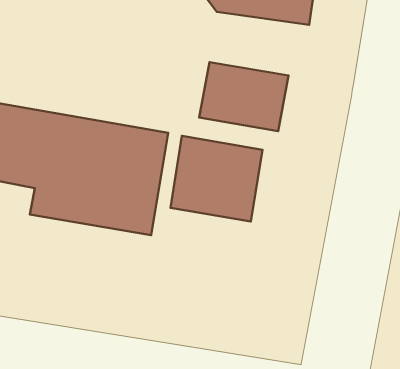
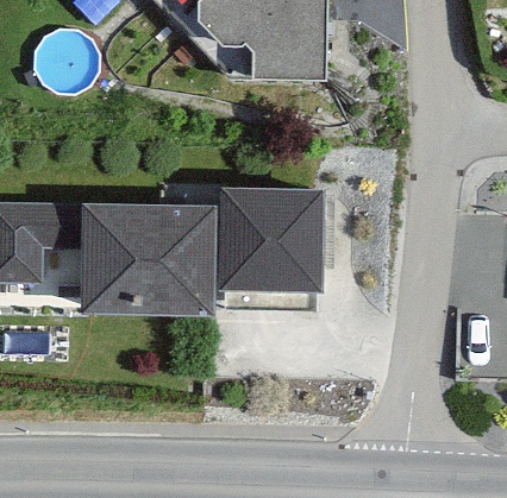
building: [199,62,288,131] -> none

